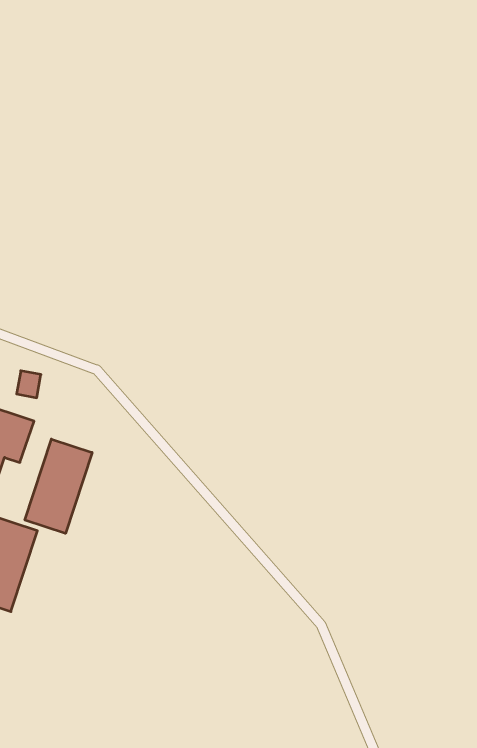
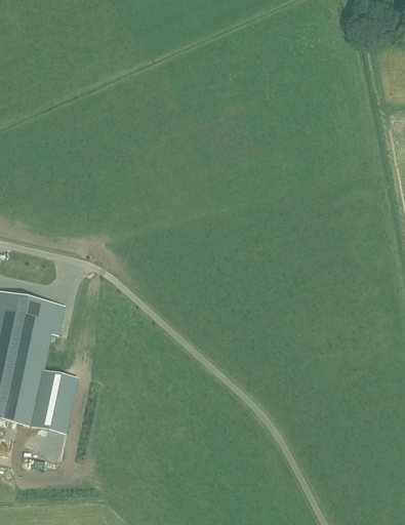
building: [25,439,92,533] -> none

